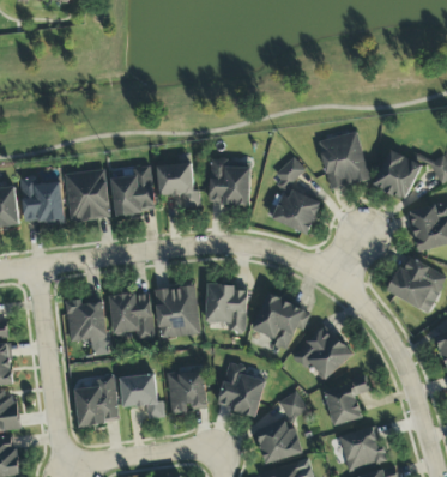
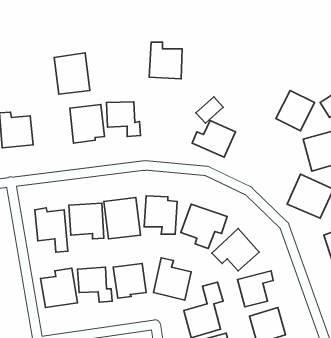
building: [318,131,369,189] -> none
building: [209,158,250,205] -> [149,42,182,79]
building: [65,168,110,221] -> [54,53,90,94]

